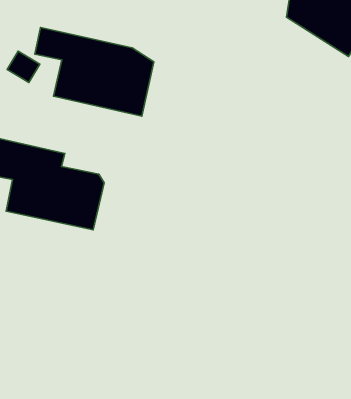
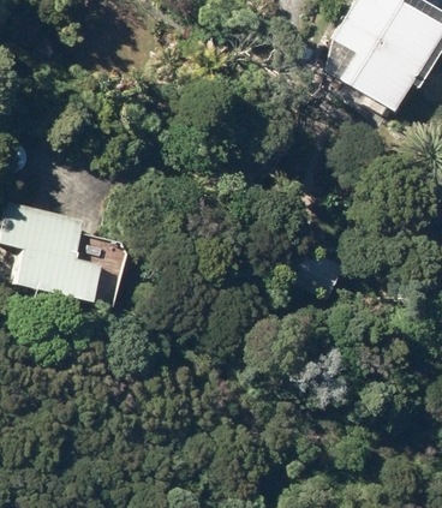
building: [35,27,154,116] -> none

